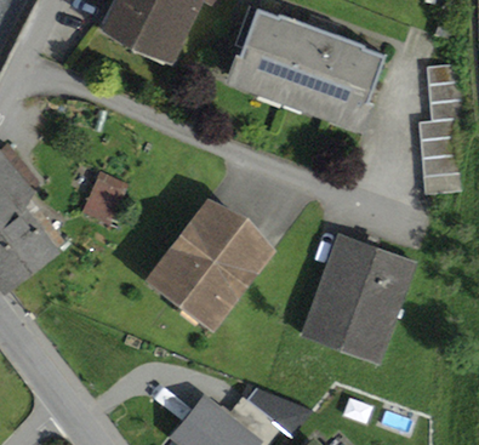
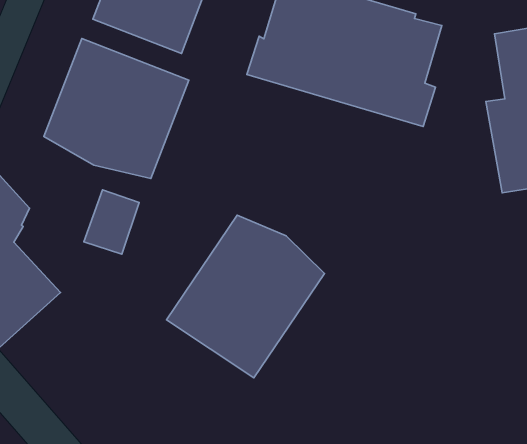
building: none -> [44,38,189,178]
building: [300,230,417,364] -> none

